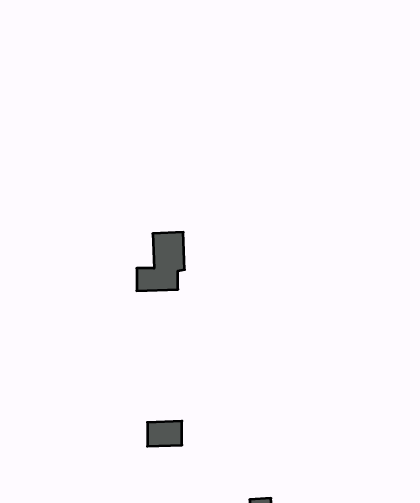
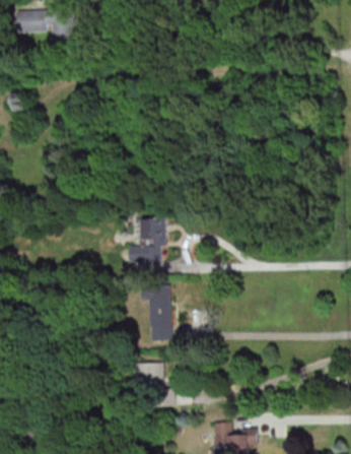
building: none -> [149,293,171,342]

